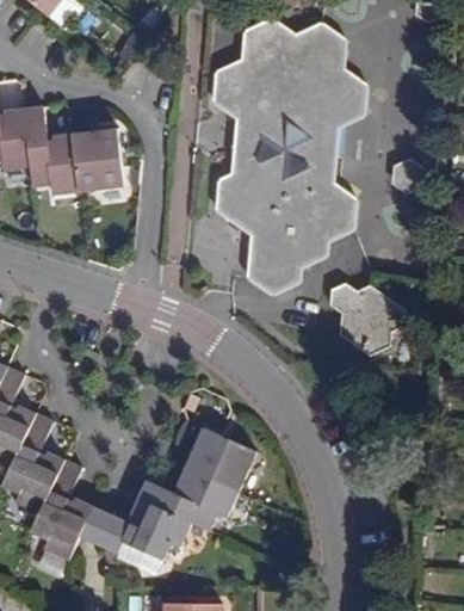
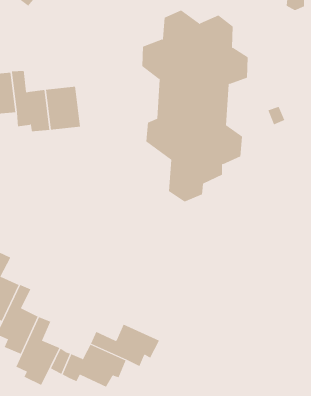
building: [329,286,407,354] -> none
building: [185,428,255,494] -> none

